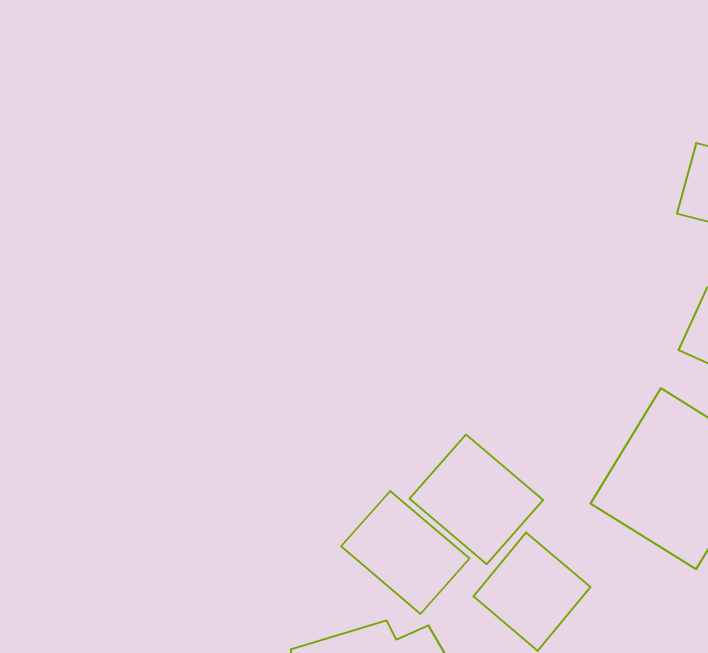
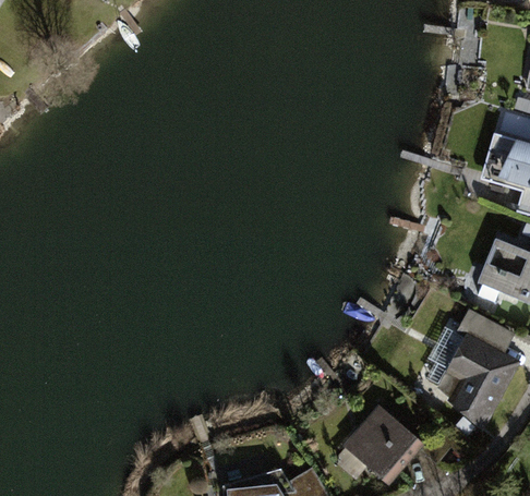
building: [410,435,543,564] -> none
building: [341,491,469,614] -> none

